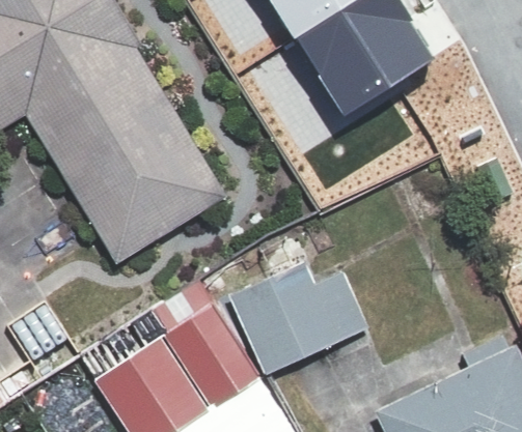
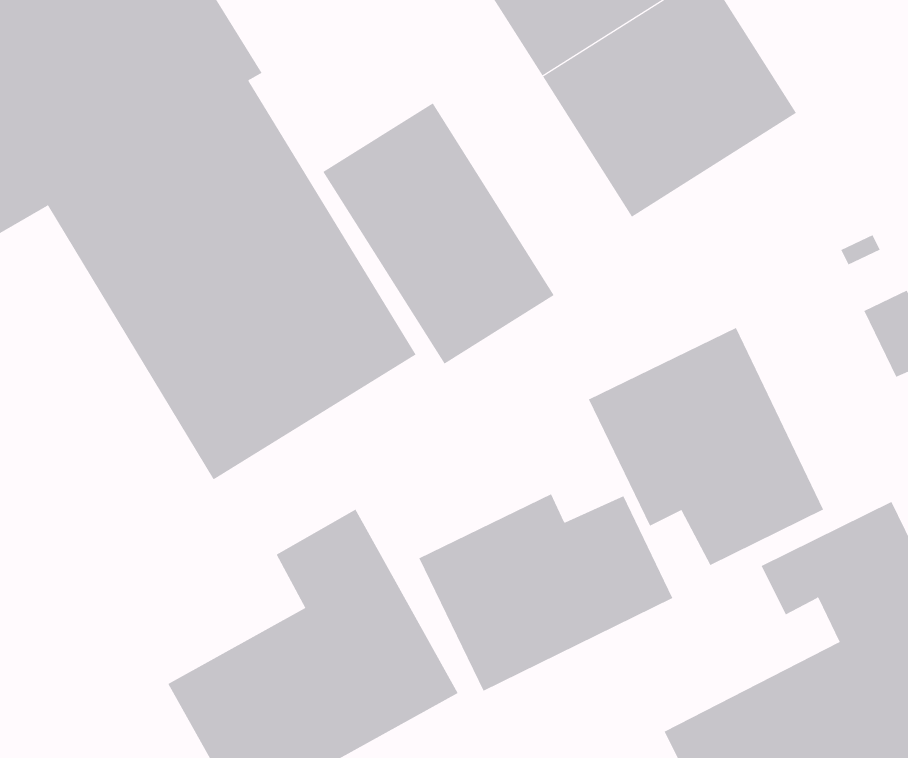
building: none -> [323,102,555,365]
building: none -> [588,327,824,566]

